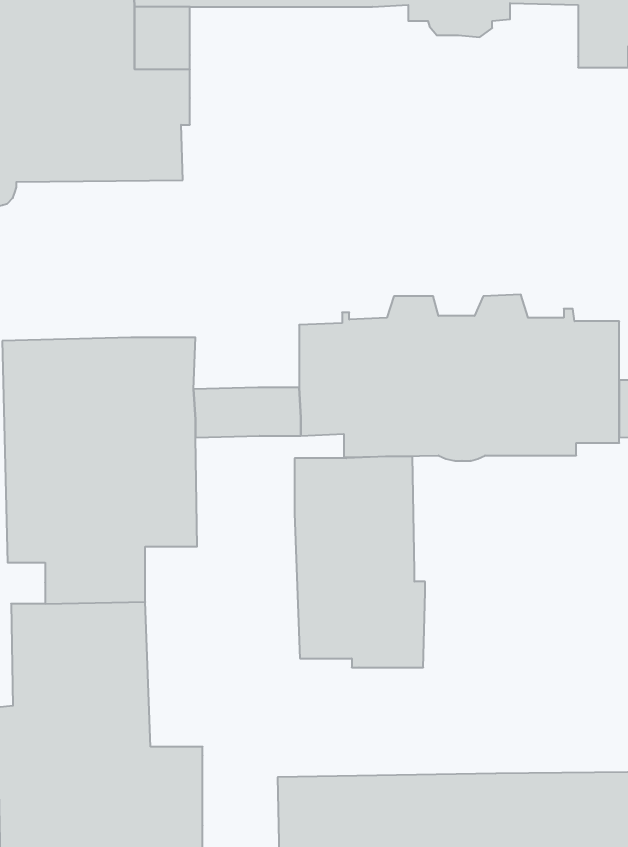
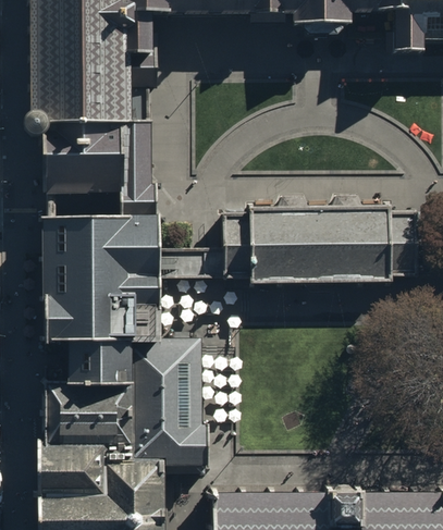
building: none -> [46,121,160,217]
building: [295,456,425,667] -> [130,343,209,471]

